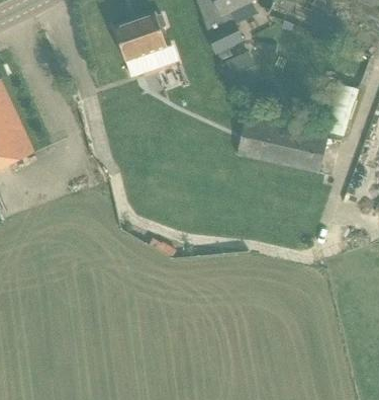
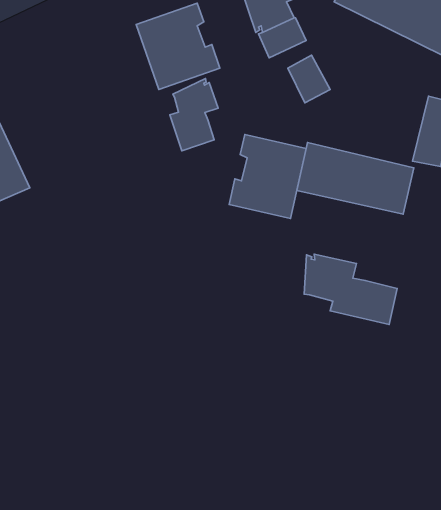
building: none -> [170,79,218,151]
building: none -> [229,135,306,218]
building: none -> [304,254,397,325]

